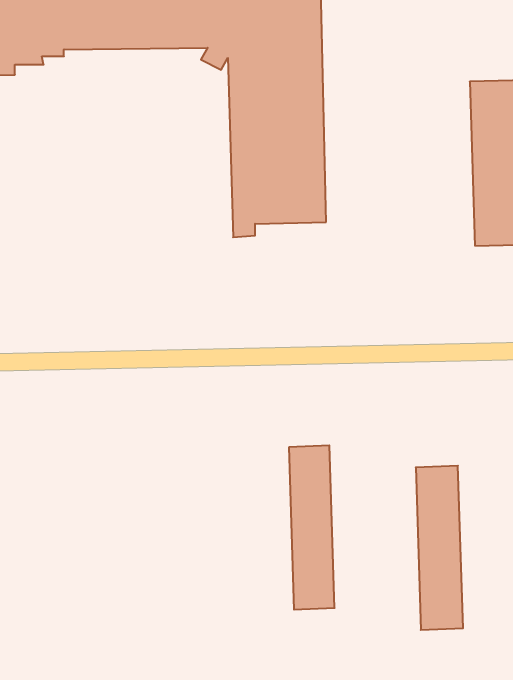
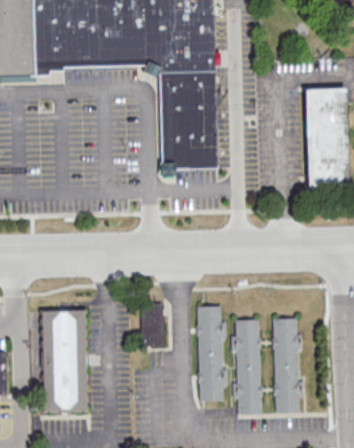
building: none -> [141,303,163,346]
building: none -> [40,307,87,411]
building: none -> [234,317,261,414]

